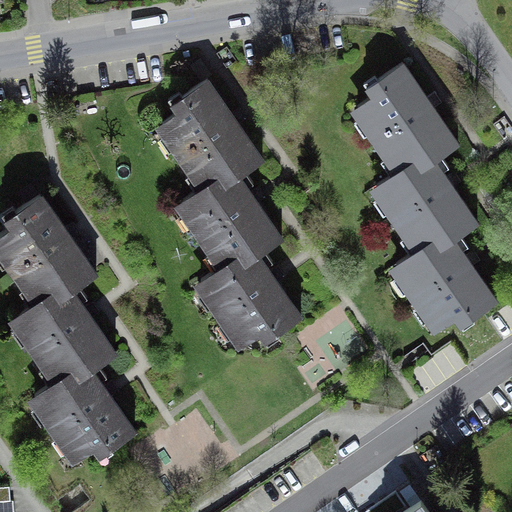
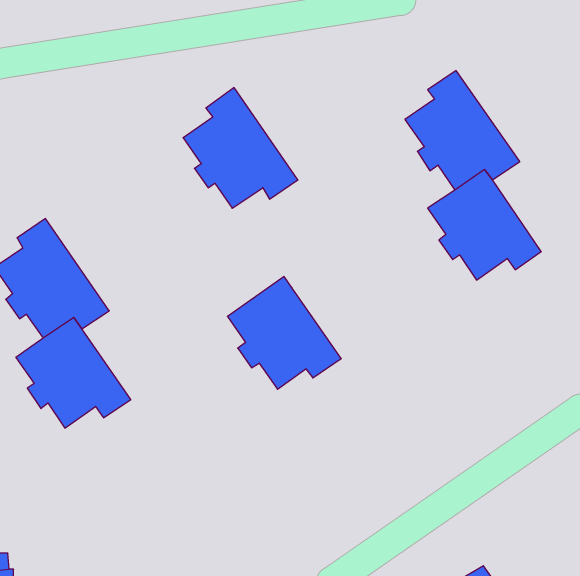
building: [180,170,281,267] -> none
building: [395,232,496,331] -> none
building: [32,362,134,462] -> none

